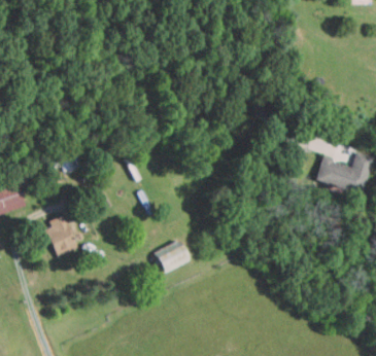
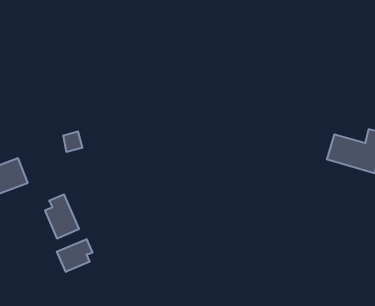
building: [155,243,189,274] -> none
building: none -> [57,239,92,272]

